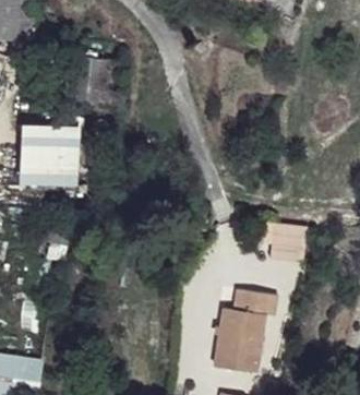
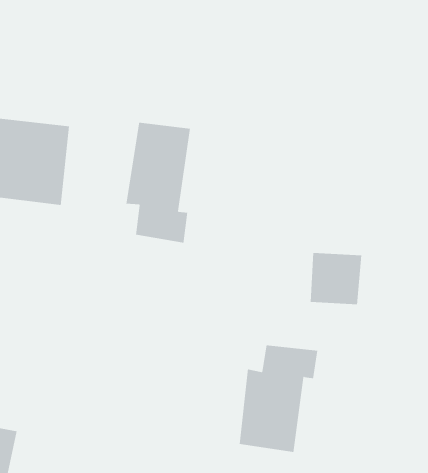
building: none -> [126,122,190,244]

